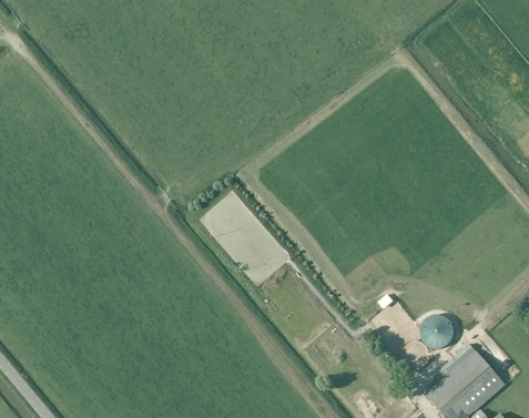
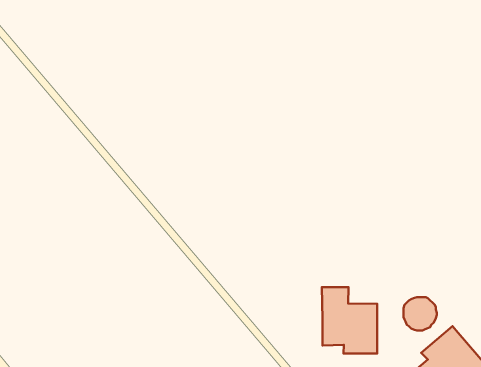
building: none -> [322,287,377,354]

